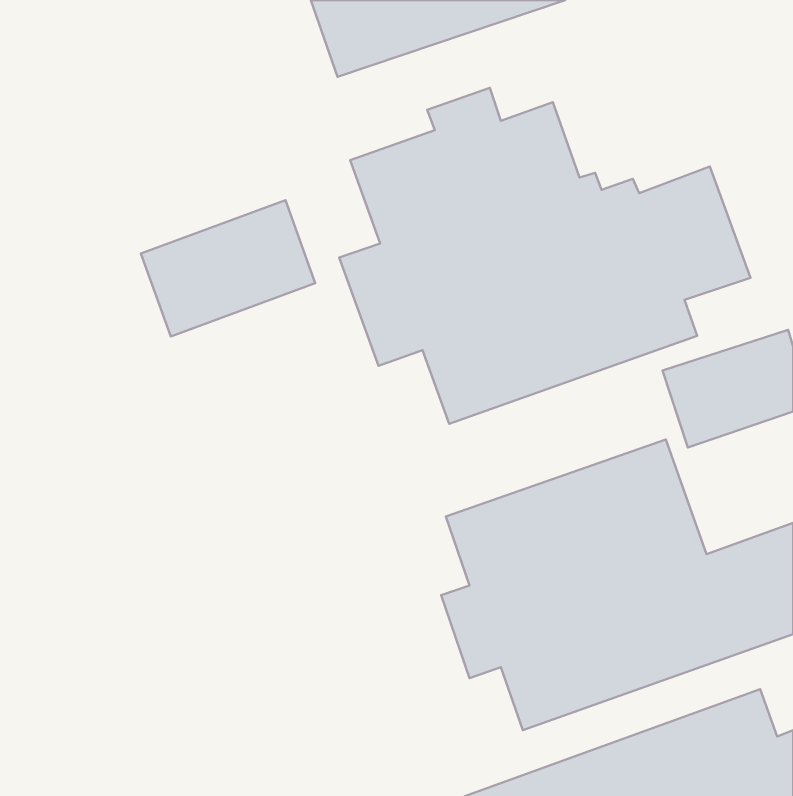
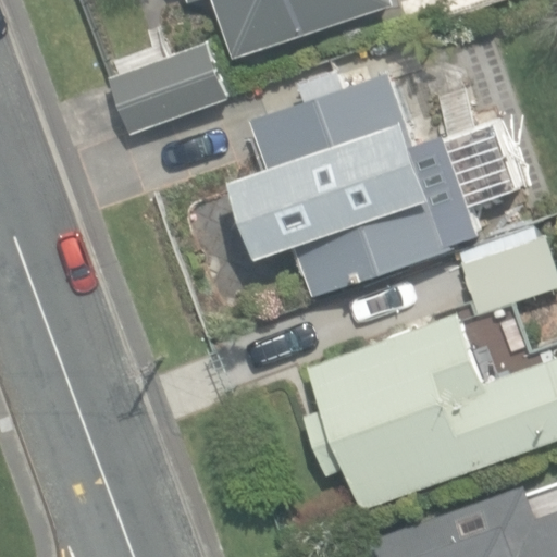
building: [141,200,315,337] -> [109,41,230,136]

